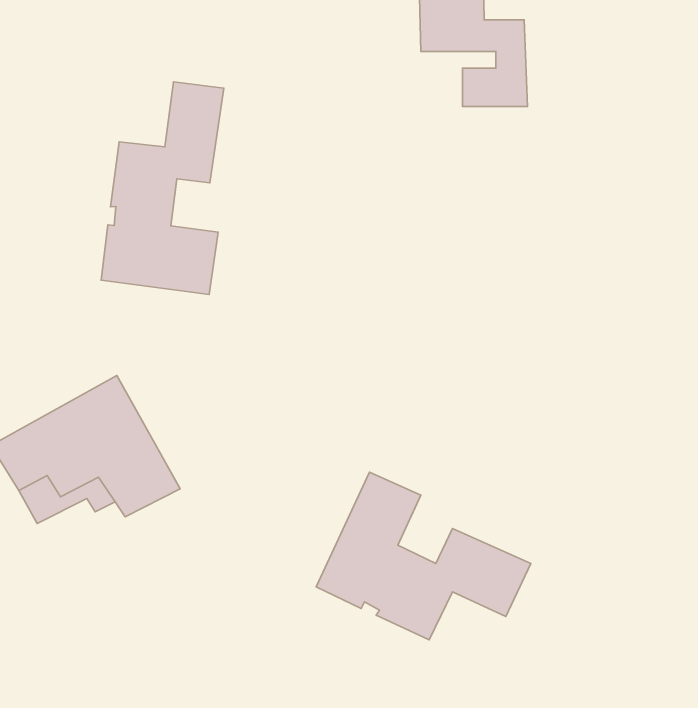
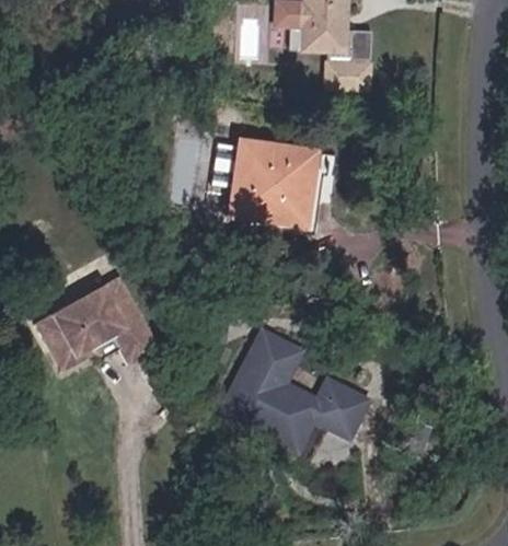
building: [101,82,224,295] -> none
building: none -> [232,150,330,232]

